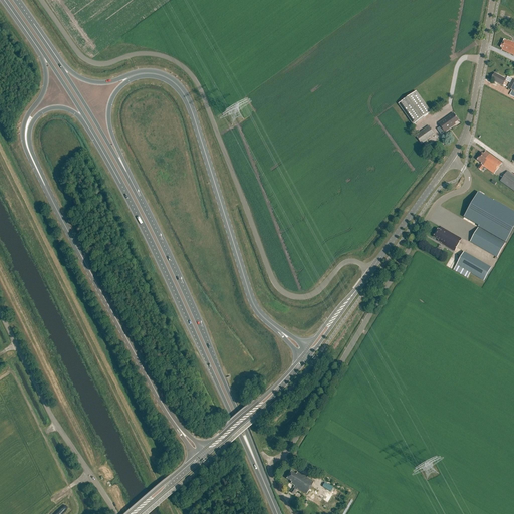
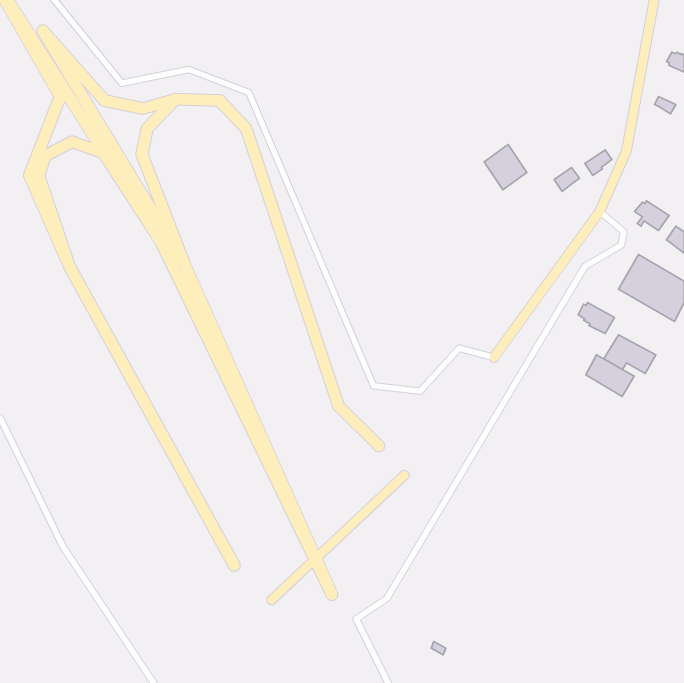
building: [399,90,431,124] -> [484,144,527,190]
building: [470,226,506,257] -> [586,355,634,396]
building: [286,470,314,493] -> none

